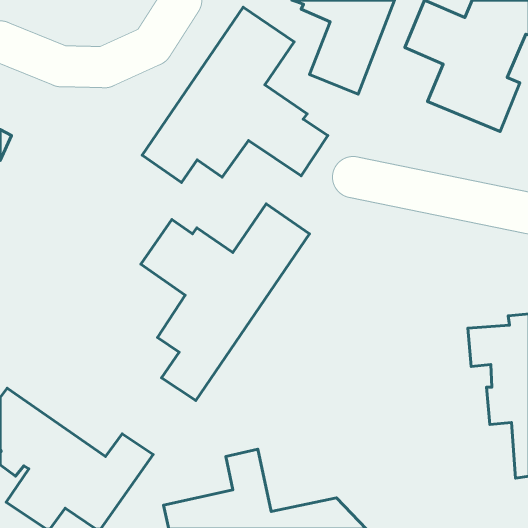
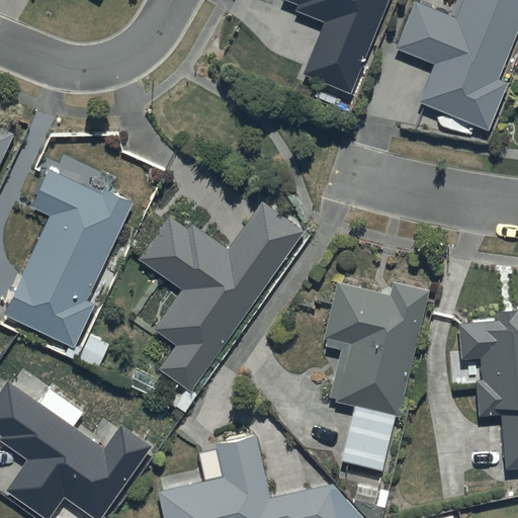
building: [142,7,328,183] -> none
building: none -> [5,168,133,345]
building: none -> [325,280,428,470]

